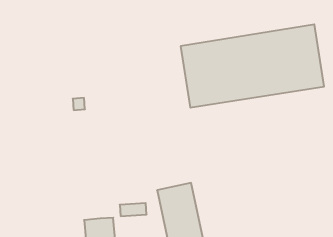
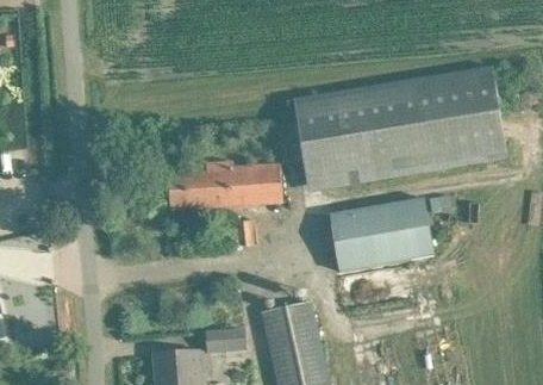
building: none -> [168,163,282,210]
building: none -> [329,197,433,272]

